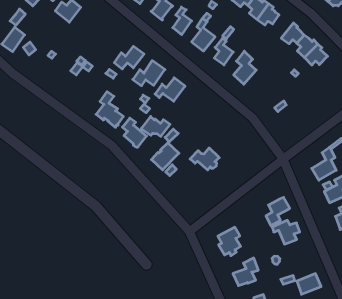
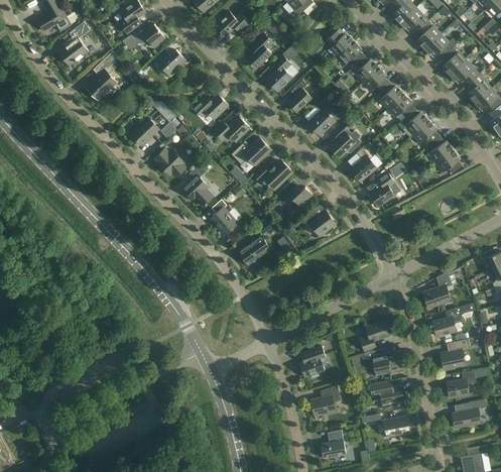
building: none -> [396,108,428,135]
building: none -> [192,94,227,119]
building: none -> [129,117,158,145]
building: none -> [368,171,399,206]
building: none -> [154,149,183,175]
building: [141,116,170,136] -> [277,181,311,206]
building: [190,148,219,170] -> [300,210,335,235]
building: none -> [369,381,403,405]

